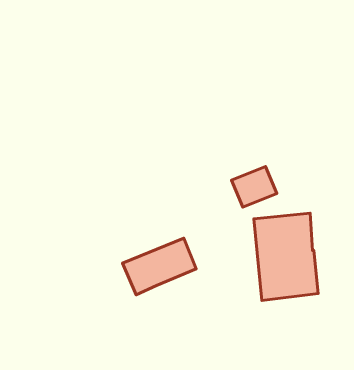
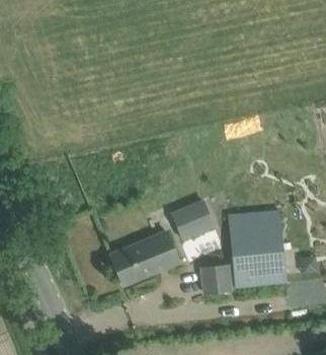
building: [231,166,277,207] -> [169,204,210,240]
building: none -> [202,266,230,292]

